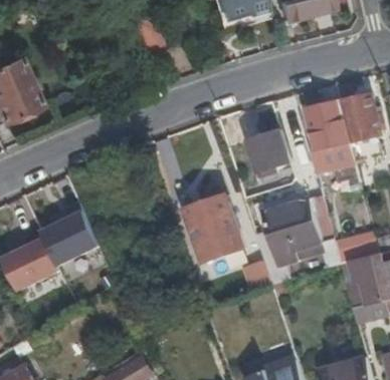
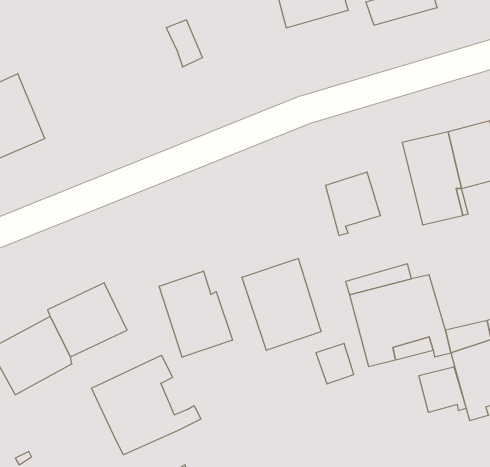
building: none -> [159,271,232,357]
building: none -> [91,355,201,455]
building: none -> [419,367,466,412]

